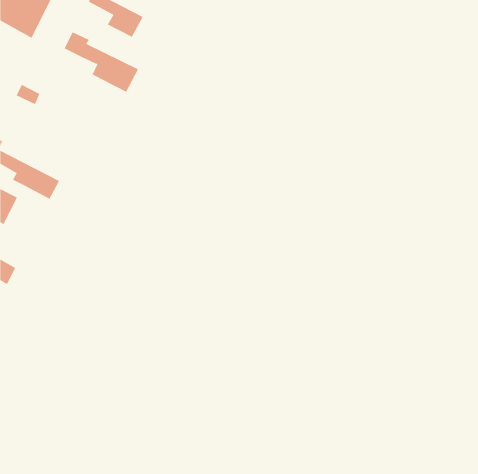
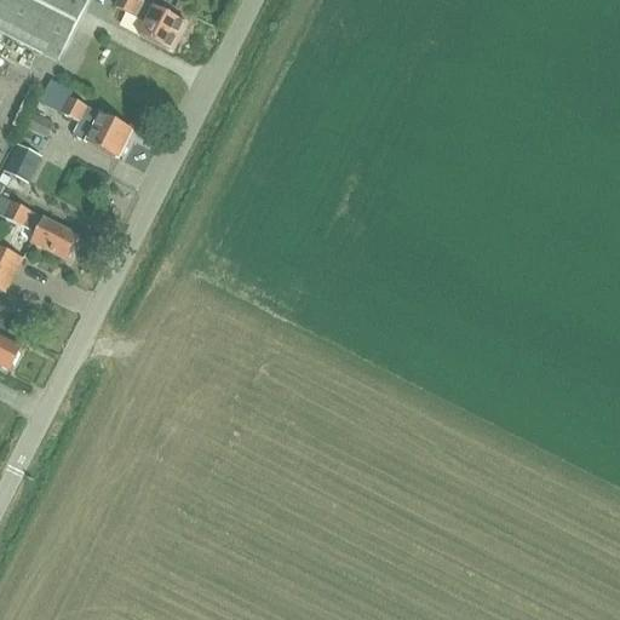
building: [64,32,139,92] -> [36,78,133,156]
building: none -> [5,143,41,180]

